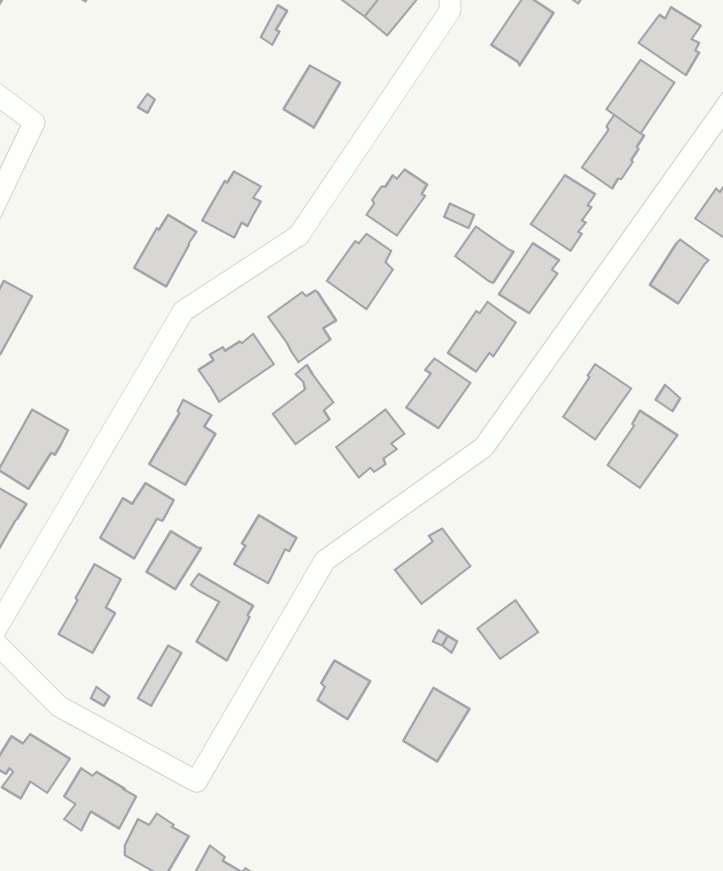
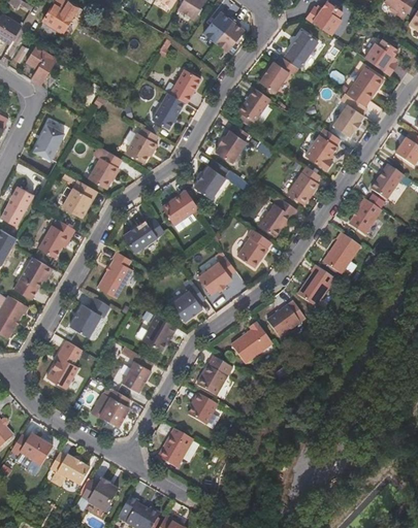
building: none -> [25,45,56,86]
building: none -> [259,56,297,92]
building: none -> [238,88,269,122]
building: none -> [151,92,185,130]
building: none -> [32,126,63,160]
building: [455,226,513,283] -> none
building: none -> [61,180,95,219]
building: none -> [347,197,380,233]
building: none -> [37,221,74,259]
building: [273,365,333,444] -> [171,278,204,322]
building: [608,411,678,488] -> [296,264,334,306]
building: [146,531,201,589] -> none
building: [478,600,538,659] -> [266,304,299,336]
building: none -> [98,390,129,428]
building: [403,688,469,762] -> [196,357,232,397]
building: none -> [157,429,193,468]

